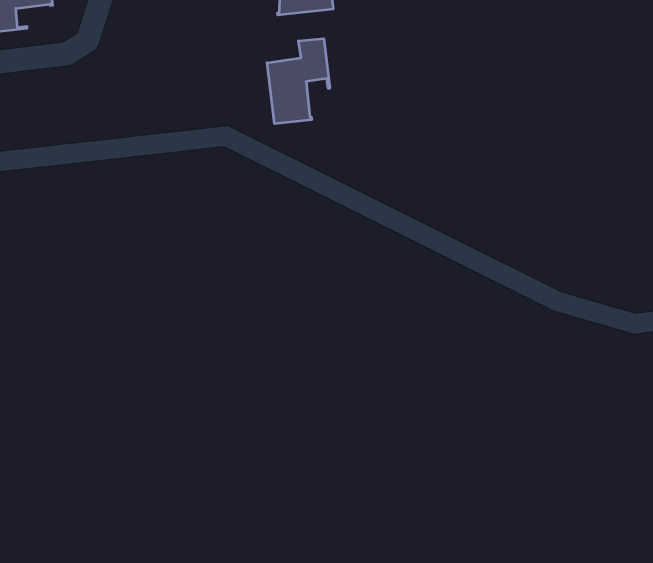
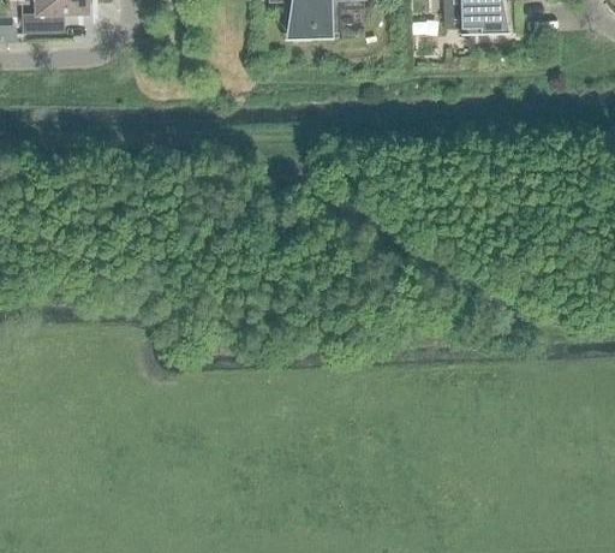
building: [267,39,330,124] -> none

